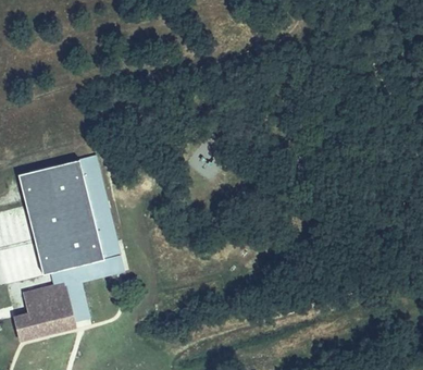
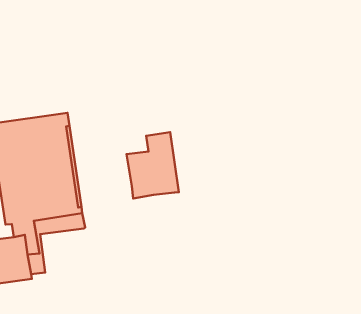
building: none -> [127,132,179,198]

